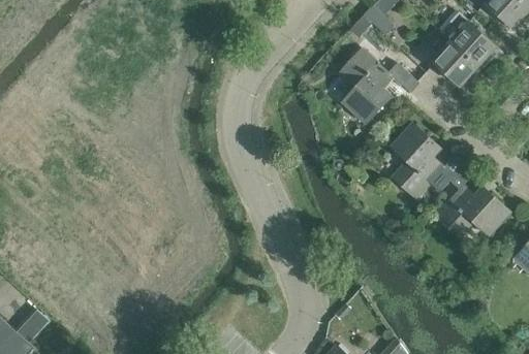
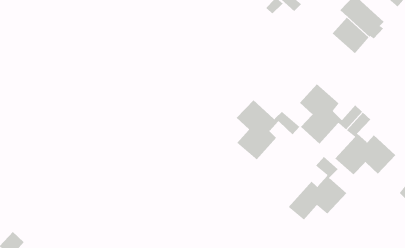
building: [340,50,419,125] -> [236,99,300,160]
building: none -> [288,156,347,220]

